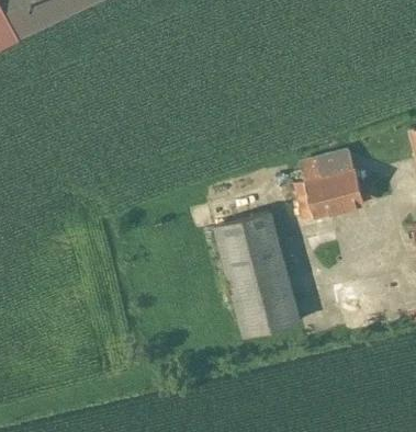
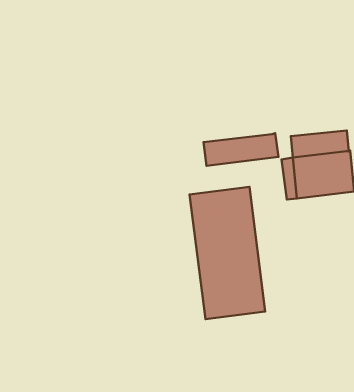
building: none -> [203,133,278,166]

